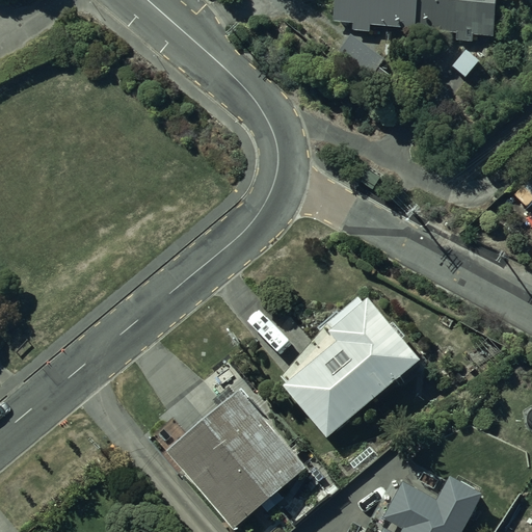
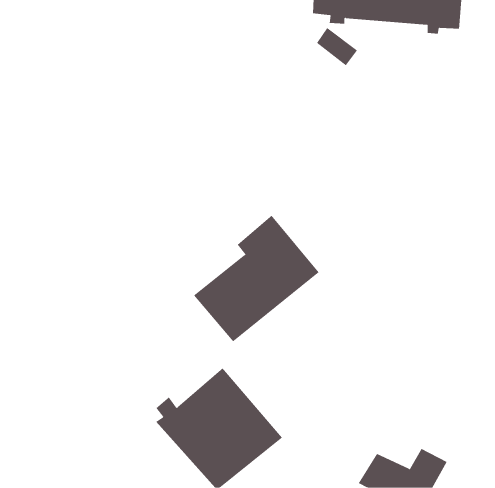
building: [284,301,419,437] -> [193,215,319,342]

